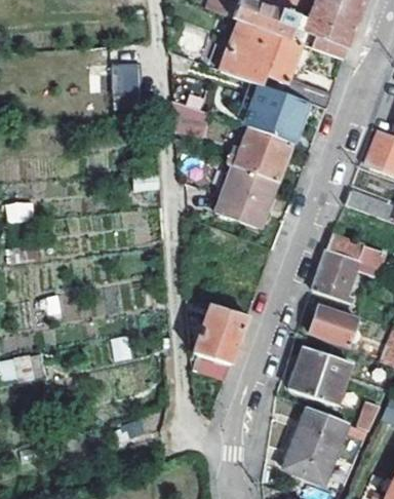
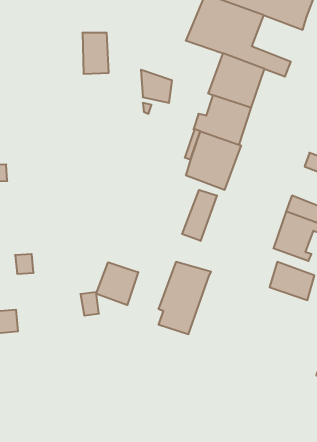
building: none -> [182,190,217,241]
building: none -> [96,262,138,305]
building: [289,346,348,404] -> none
building: [281,408,345,483] -> none

